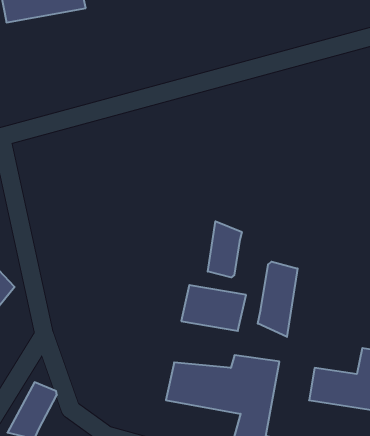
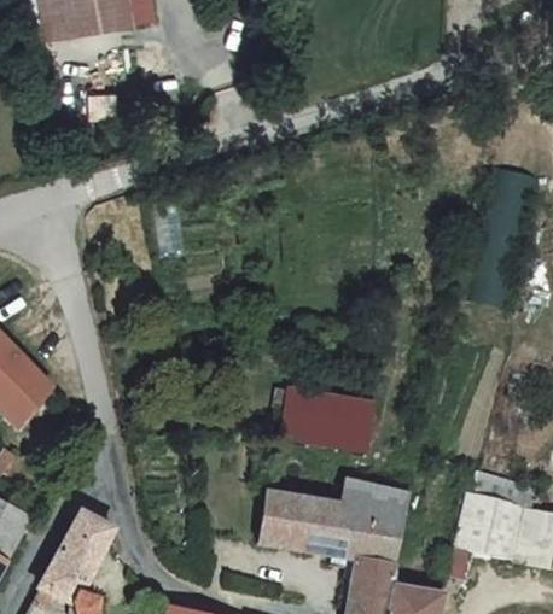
building: [208,221,242,277] -> none
building: [258,262,298,337] -> none

